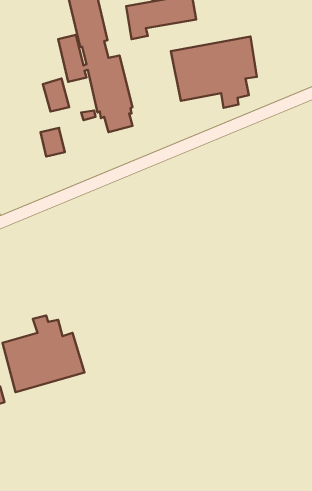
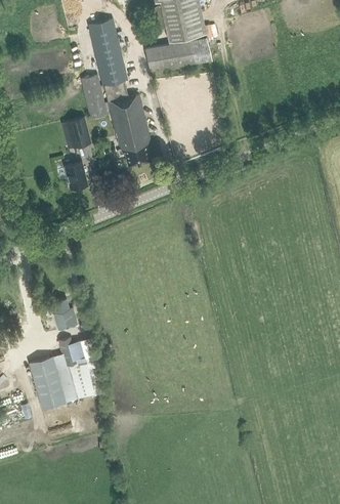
building: [171,37,257,108] -> none
building: none -> [53,299,77,330]

